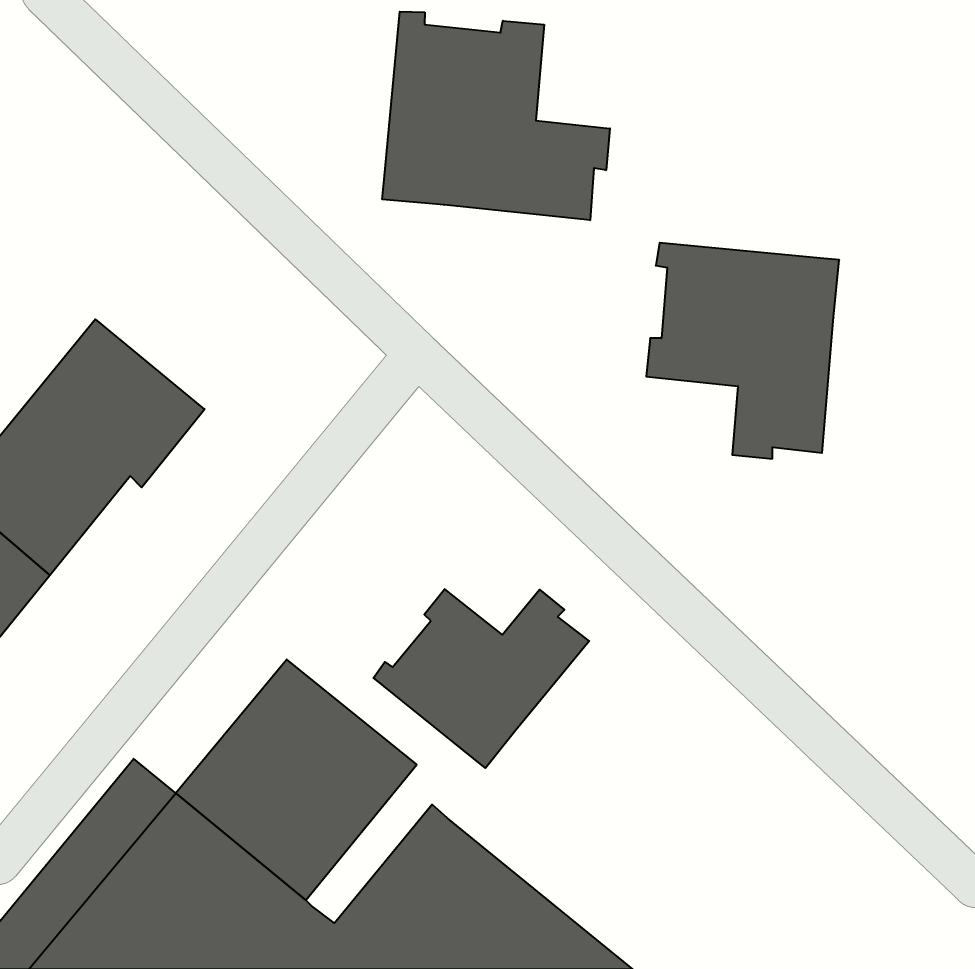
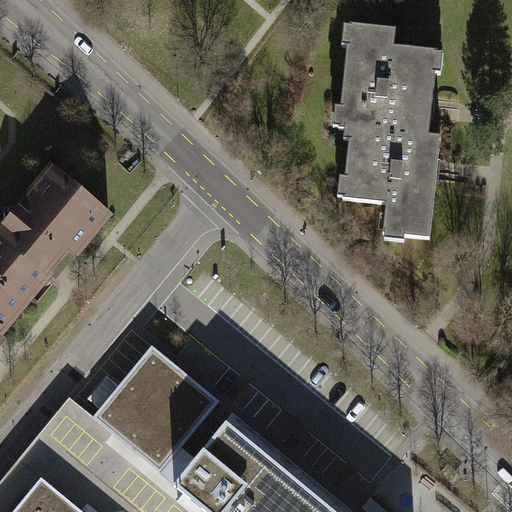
building: [382,12,610,220] -> none
building: none -> [333,23,443,135]
building: [373,589,589,768] -> none

